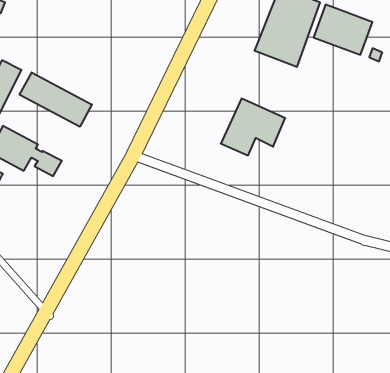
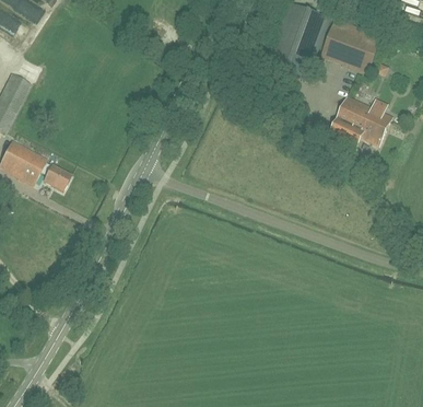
building: [20,72,92,127] -> none
building: [221,99,285,155] -> [326,97,390,154]

